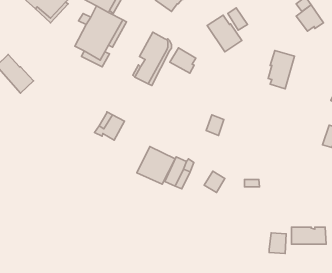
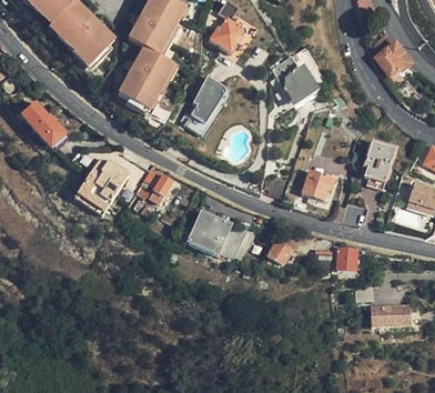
building: [170,48,196,73] -> none
building: [268,50,294,89] -> [366,143,397,189]
building: none -> [77,161,131,216]
building: none -> [304,168,333,200]
building: [269,233,286,253] -> [338,246,358,271]

